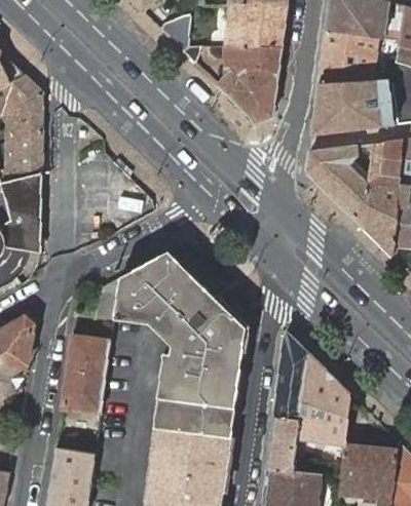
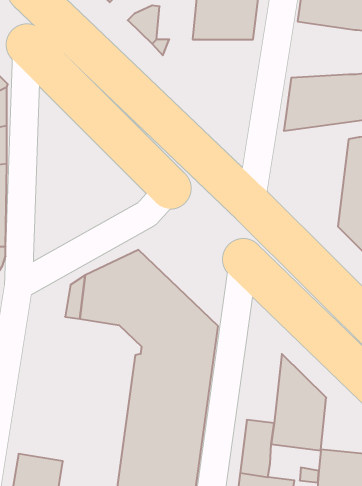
building: [317,31,381,85] -> none
building: [215,48,281,123] -> none
building: [305,145,373,229] -> none
building: [274,333,308,419] -> none
building: [63,336,110,412] -> none

